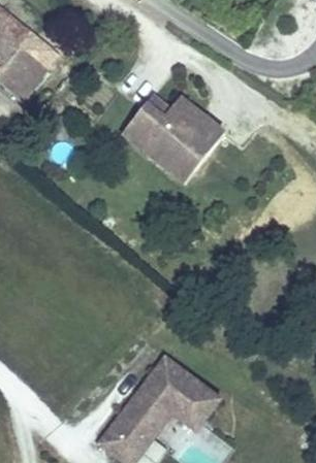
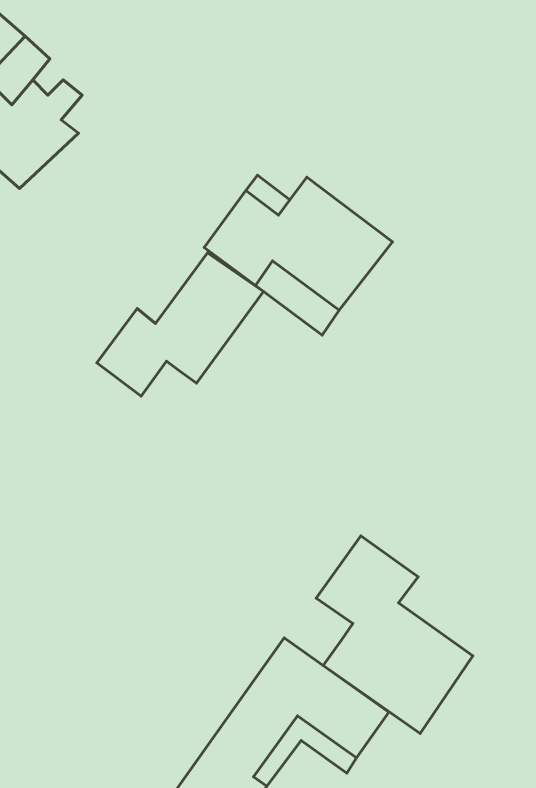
building: none -> [97,253,263,396]
building: none -> [316,536,473,733]

